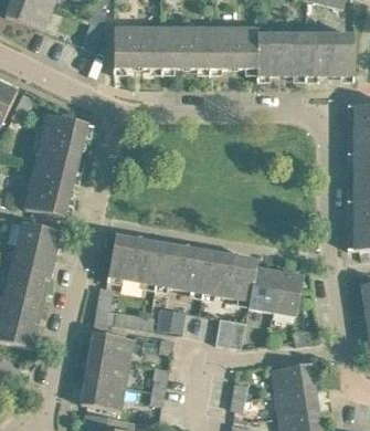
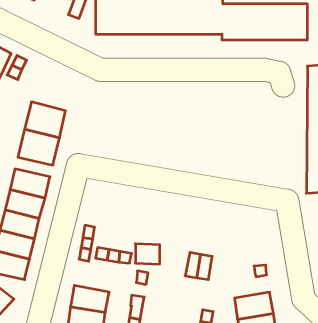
building: [40,114,86,156] -> none
building: [107,235,303,315] -> none
building: [88,332,133,362] -> none

